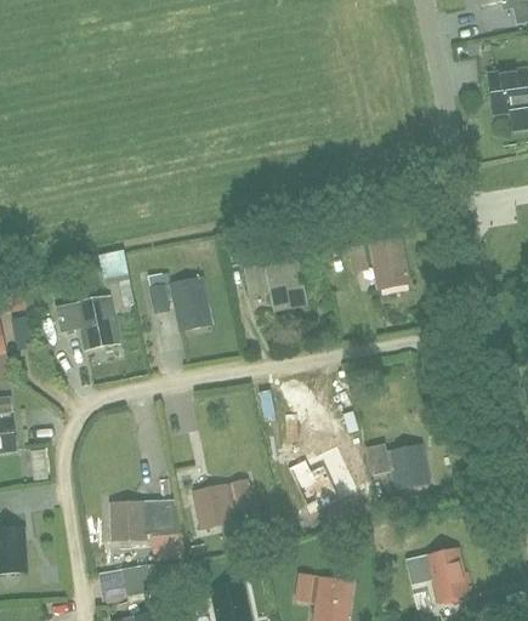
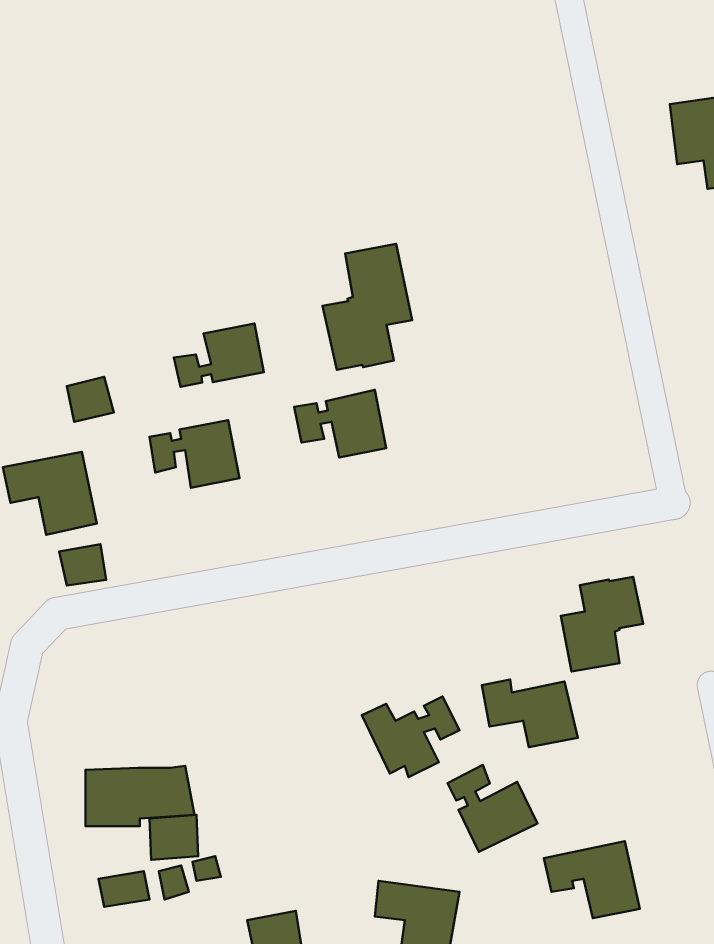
building: none -> [323,244,412,370]
building: none -> [174,324,264,387]
building: [350,238,410,289] -> none
building: none -> [561,577,643,672]
building: [195,482,251,526] -> none
building: none -> [448,765,537,852]

